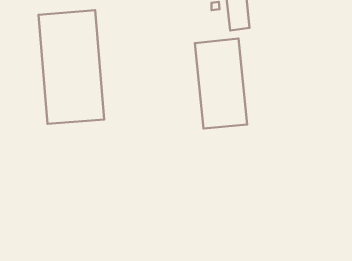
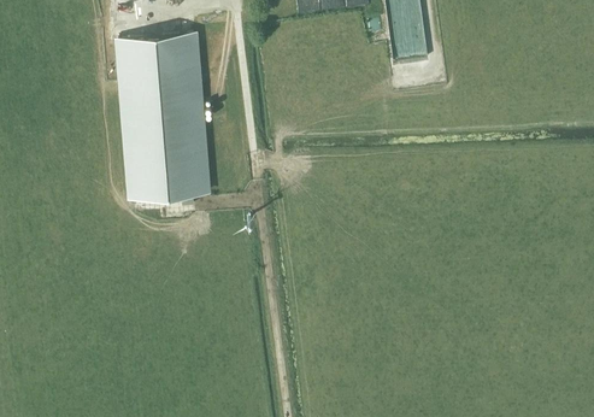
building: [195,38,247,129] -> none

